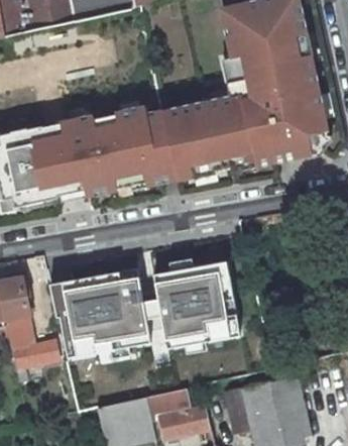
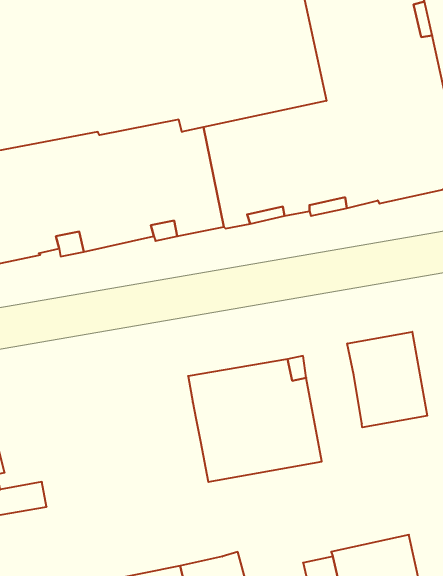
building: none -> [347,332,427,427]
building: [50,267,160,359] -> none

